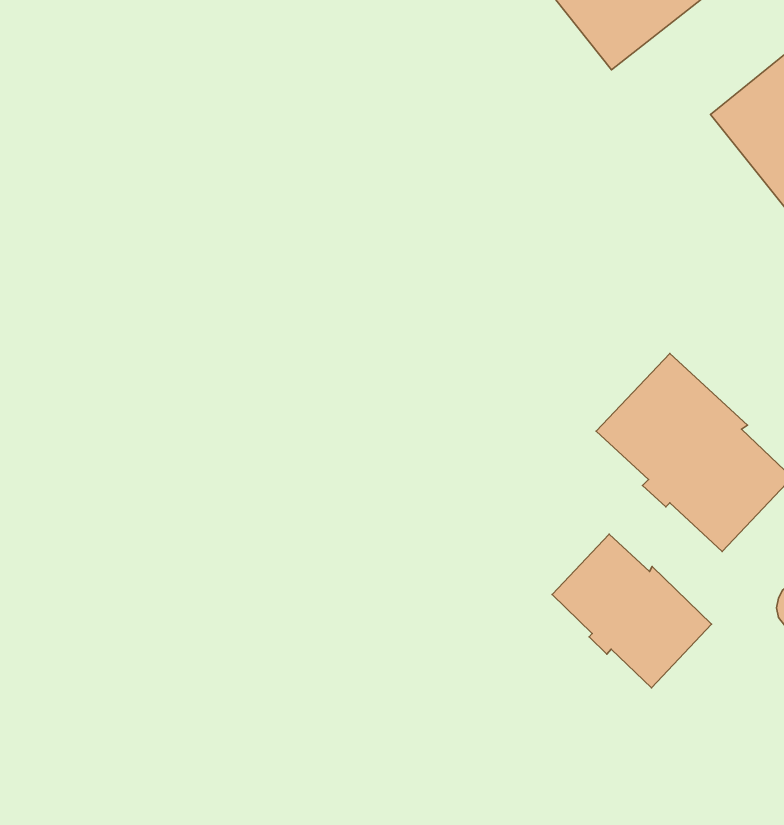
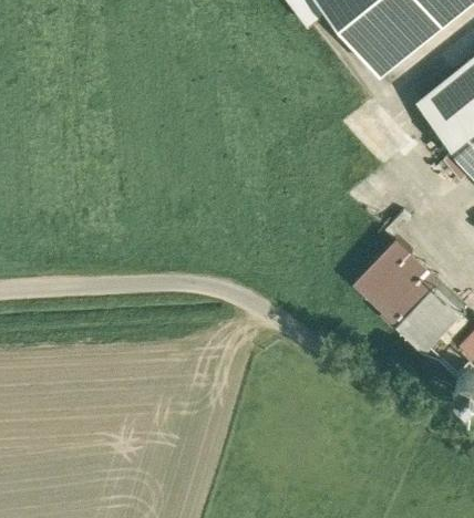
building: [552,534,712,688] -> none

